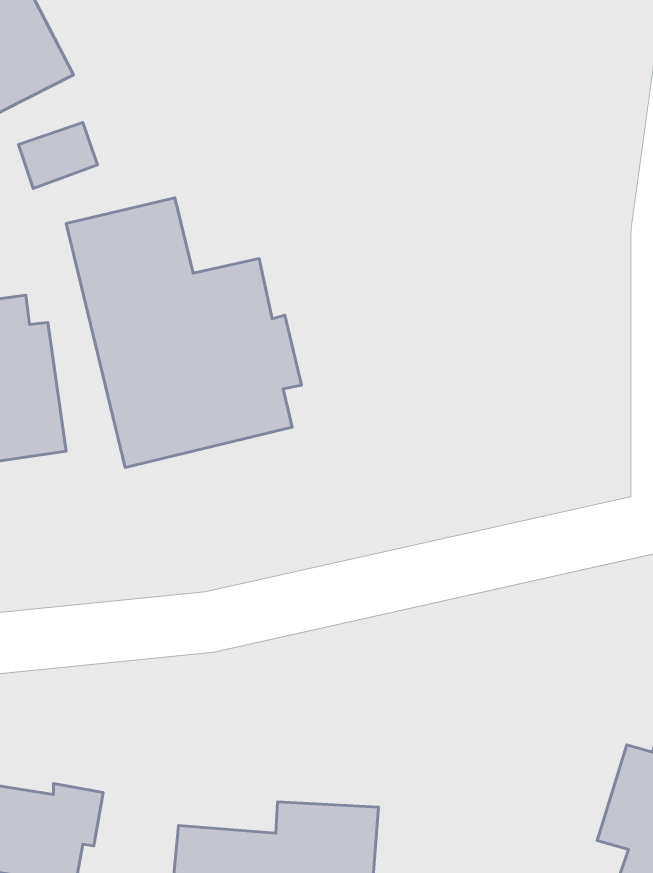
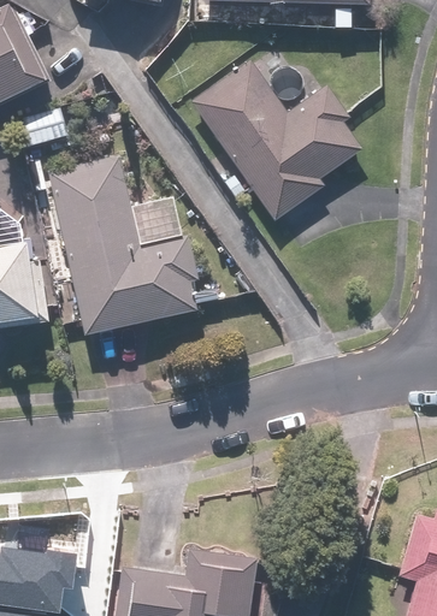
building: none -> [189,59,362,223]

